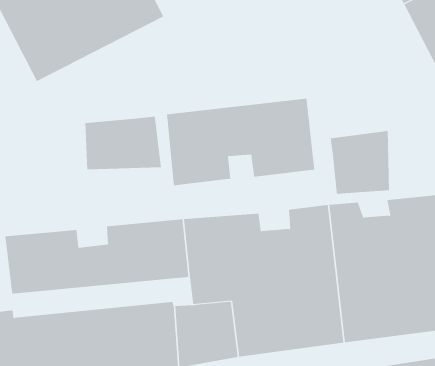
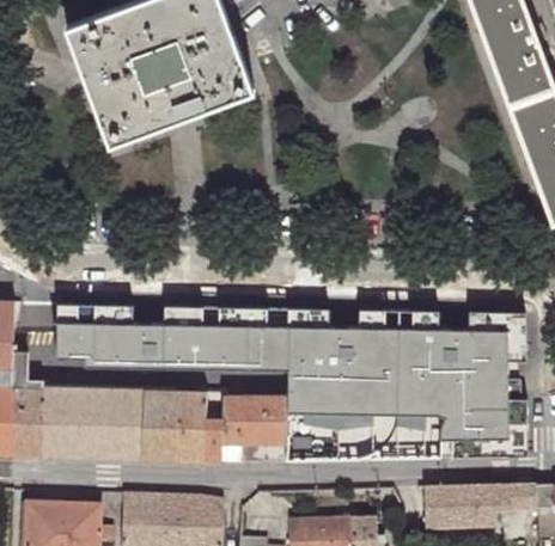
building: [166,98,315,186] -> none
building: [85,116,161,170] -> none
building: [330,130,389,195] -> none

